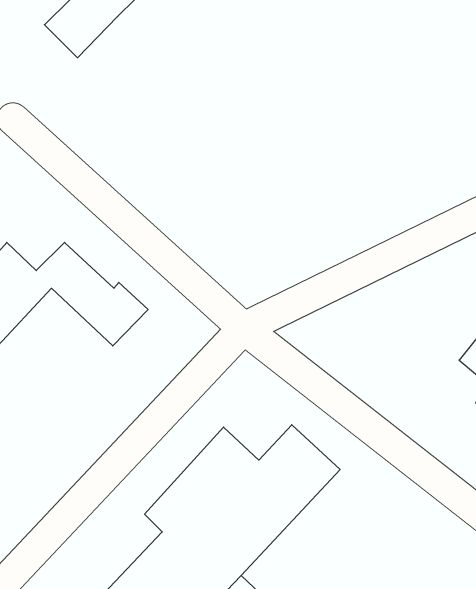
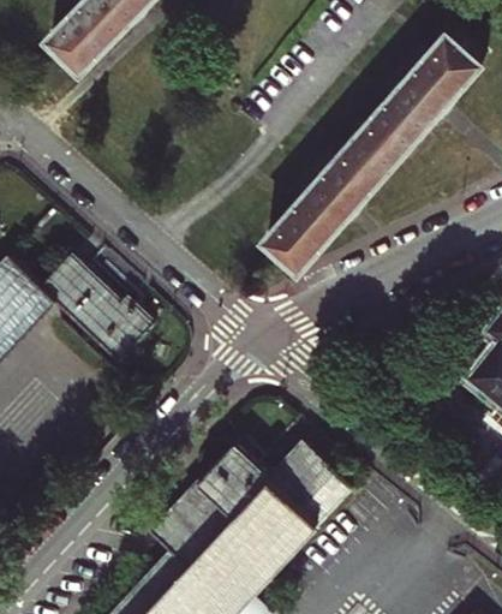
building: none -> [269,28,483,267]

